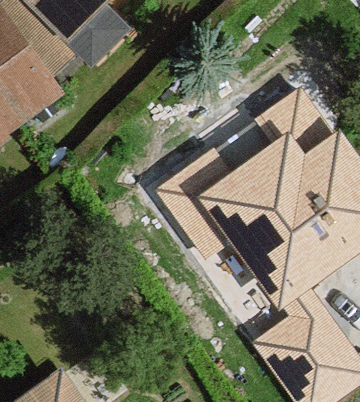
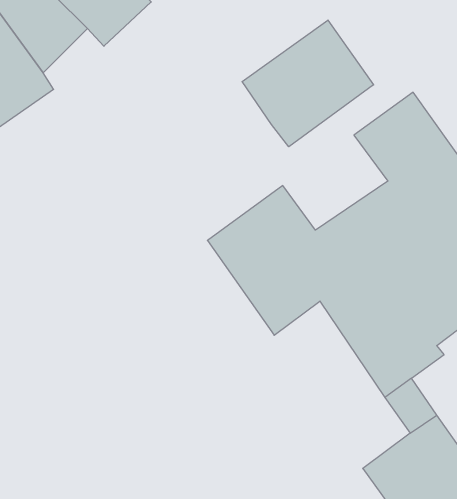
building: none -> [242,20,374,147]

